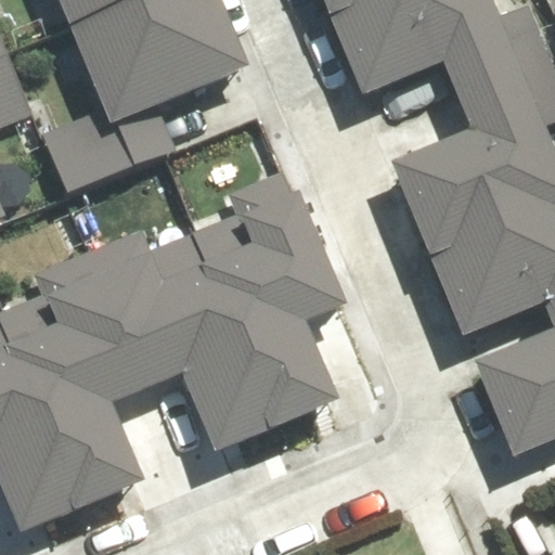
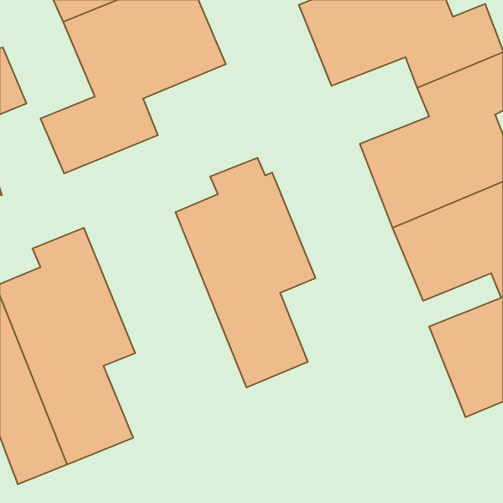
building: [92,231,271,449] -> none

